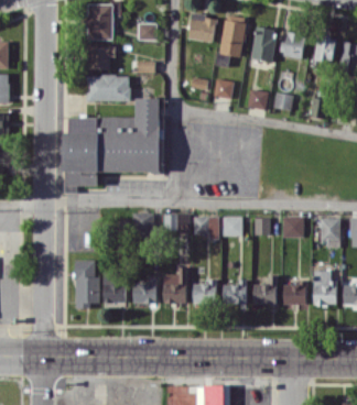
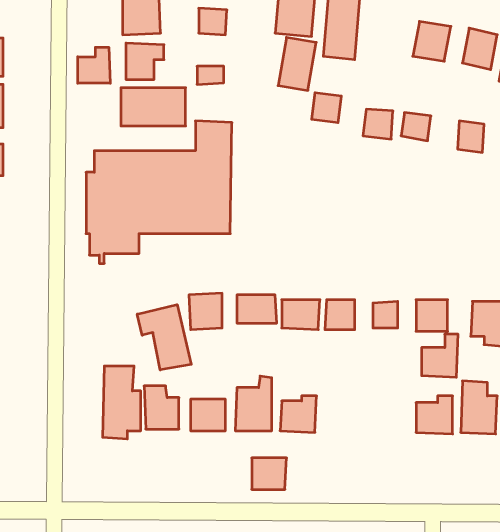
building: [250,26,275,62] -> [278,37,316,90]
building: none -> [78,47,110,83]
building: none -> [137,305,191,370]
building: [252,276,277,305] -> [422,334,458,377]
building: [223,283,246,304] -> [252,458,287,489]

